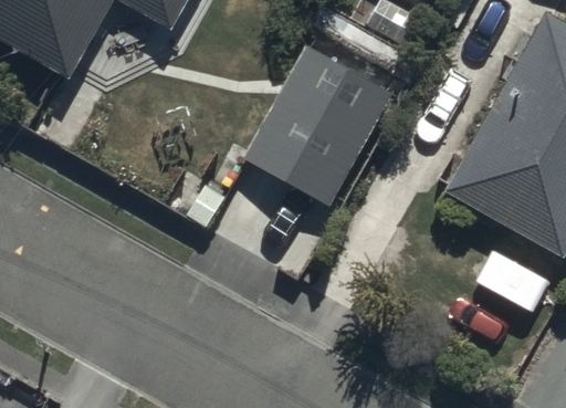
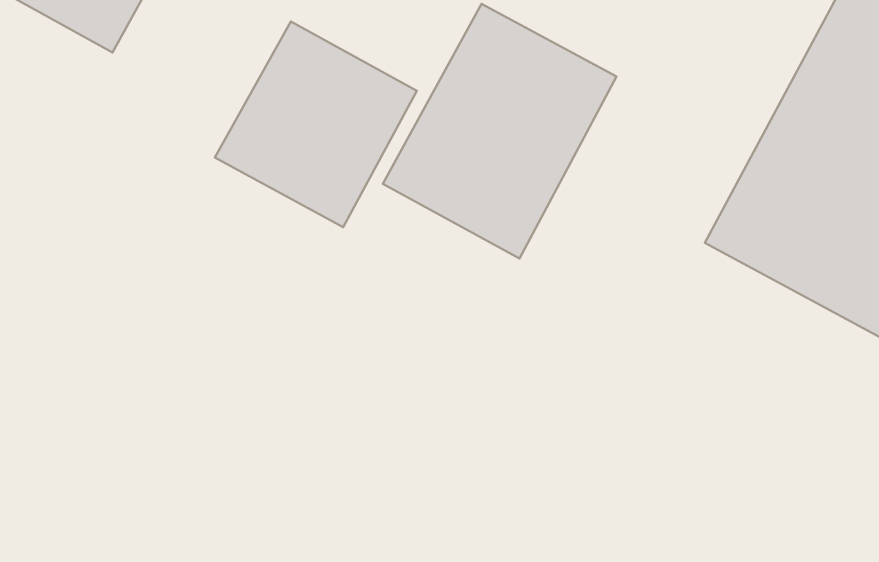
building: none -> [215,22,417,227]

